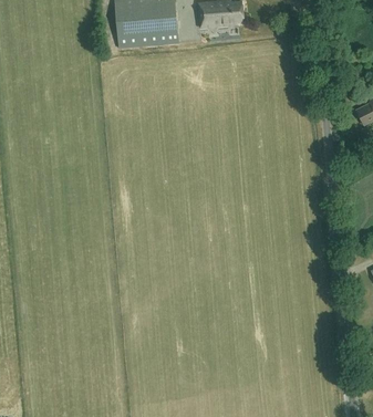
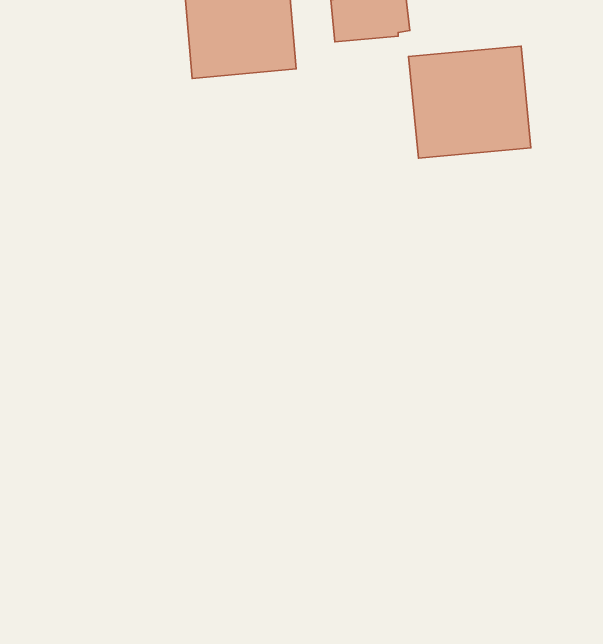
building: none -> [408,46,531,158]

